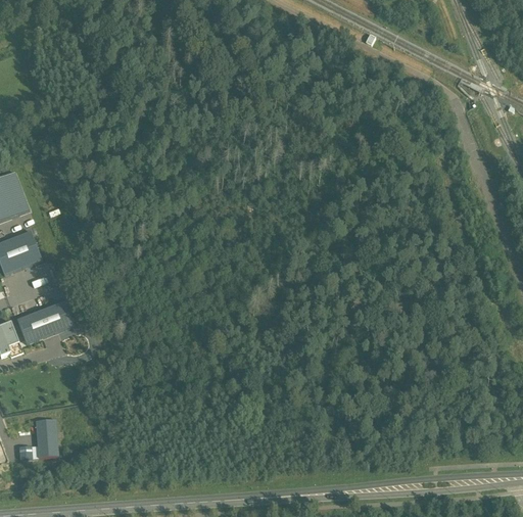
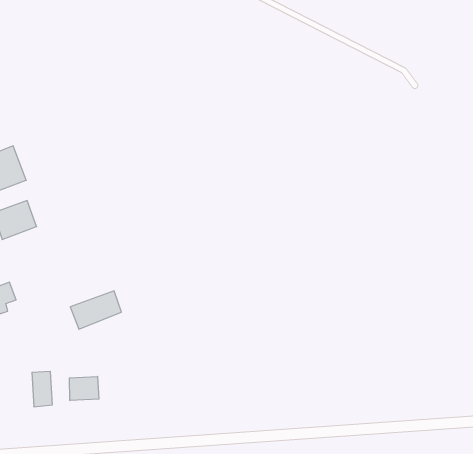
building: [17,302,74,344] -> [70,291,121,329]
building: none -> [69,376,99,401]

